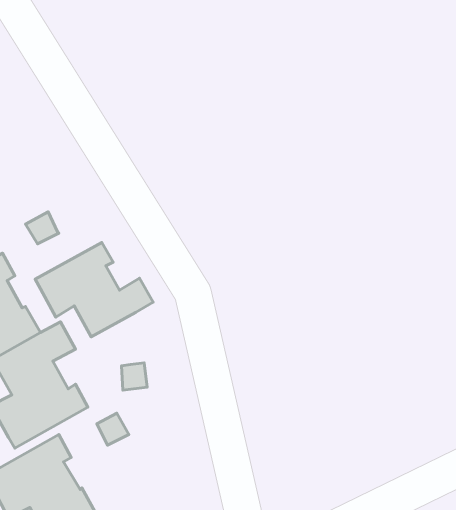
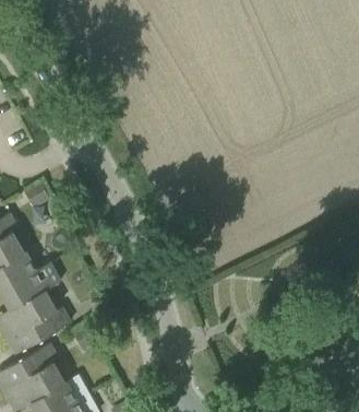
building: [35,243,153,337] -> none

